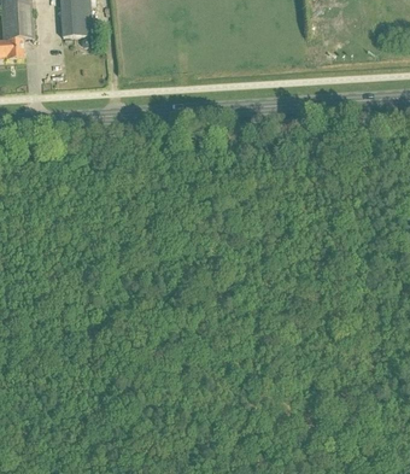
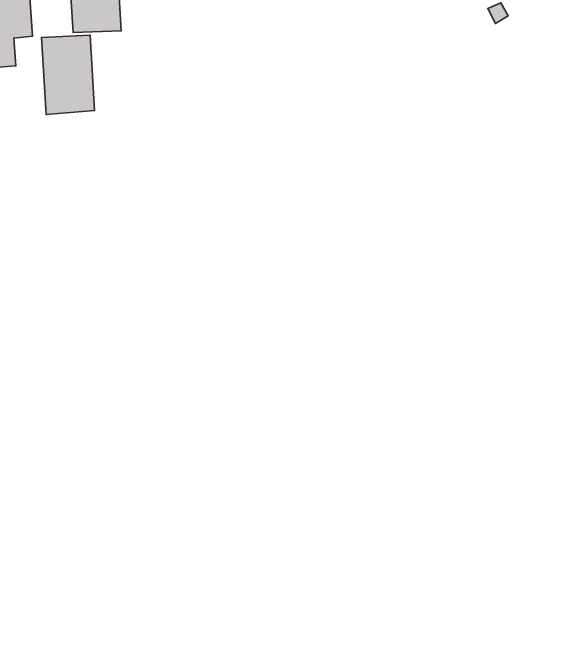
building: none -> [41,35,95,114]

